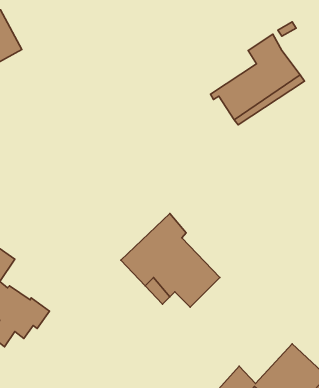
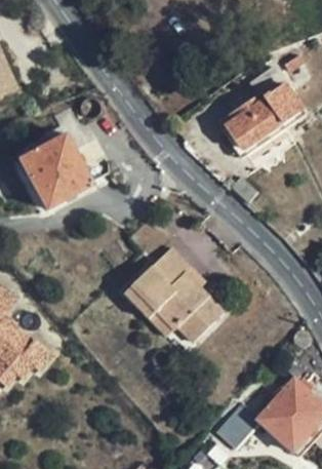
building: none -> [16,116,108,209]

